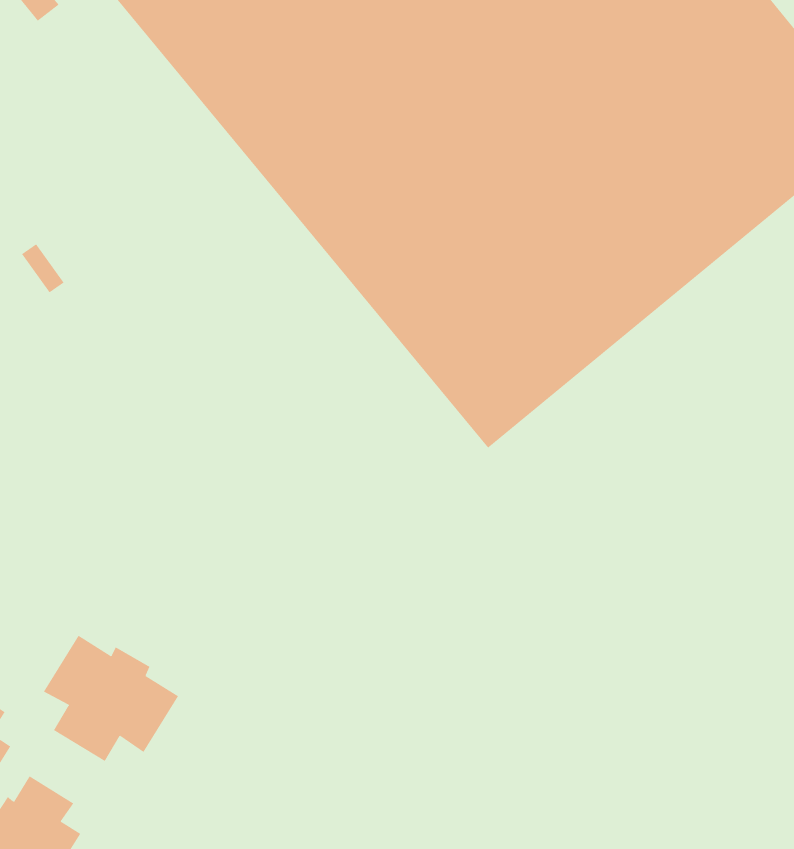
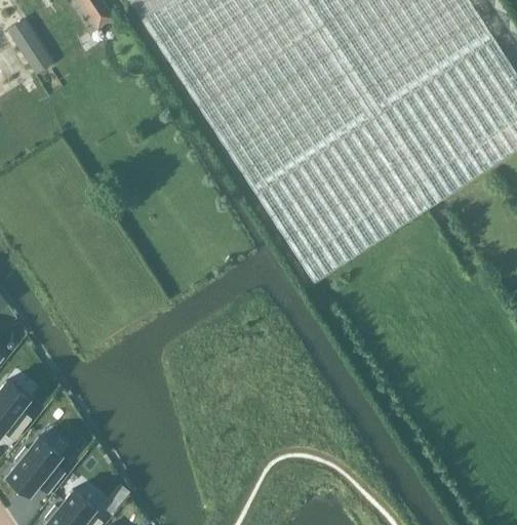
building: [43,635,179,762] -> none

